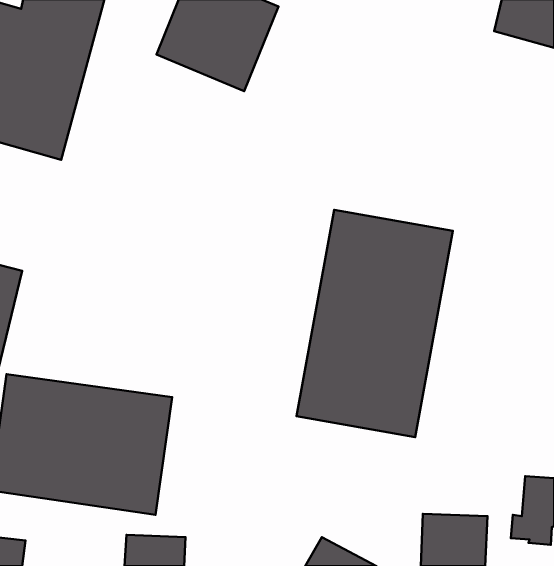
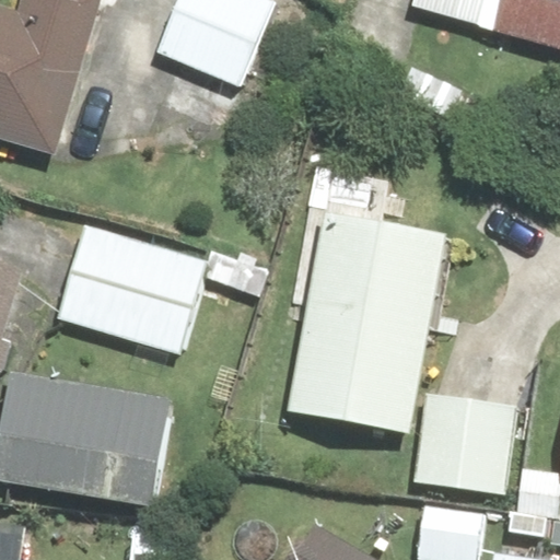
building: none -> [56,224,205,355]
building: none -> [413,393,513,491]

